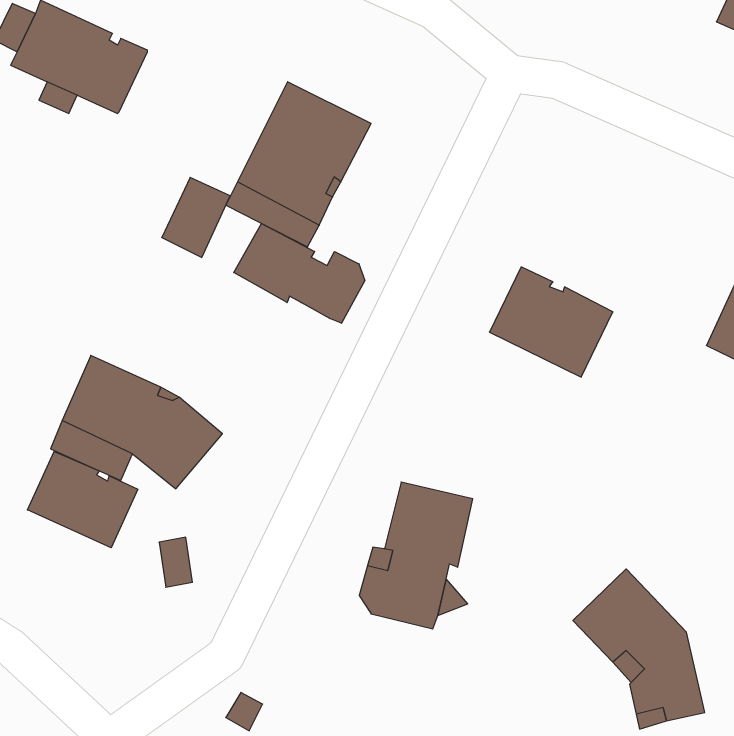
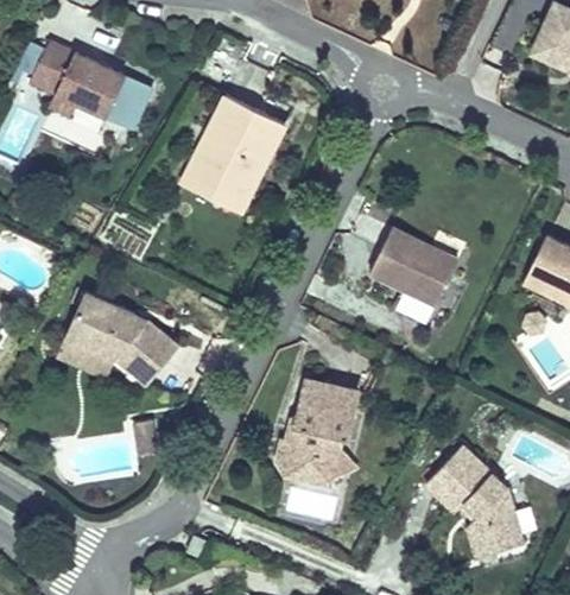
building: [162,177,230,257] -> [106,75,154,132]
building: [234,223,365,323] -> none
building: [27,451,138,548] -> none

